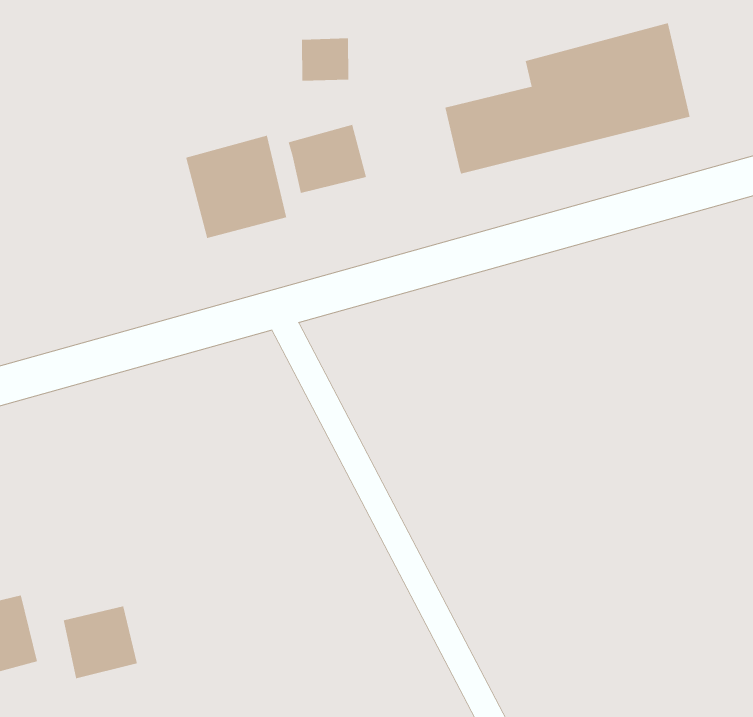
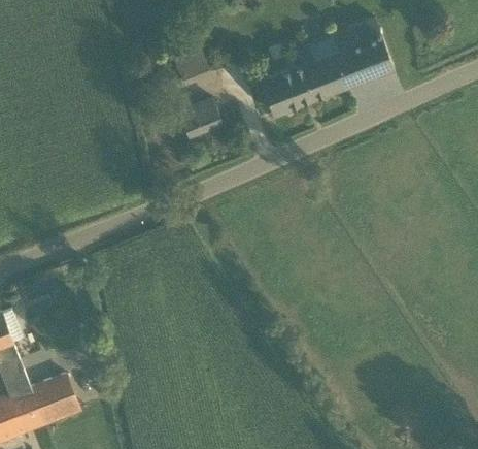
building: [186,135,287,239] -> none
building: [63,605,138,679] -> none

